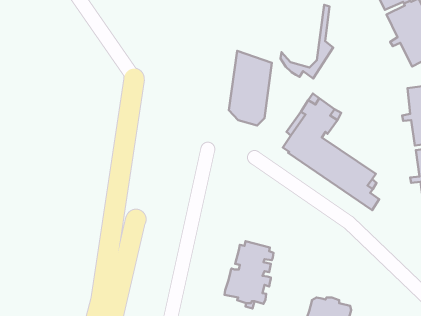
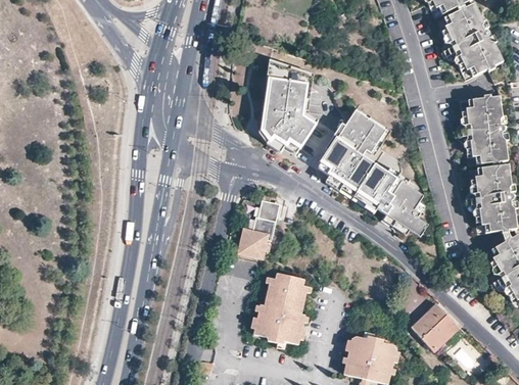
building: [280,5,333,79] -> [258,73,318,155]
building: none -> [239,200,280,259]
building: none -> [412,304,459,351]

